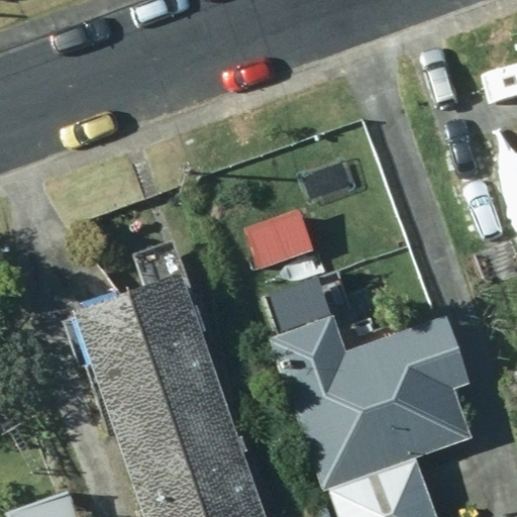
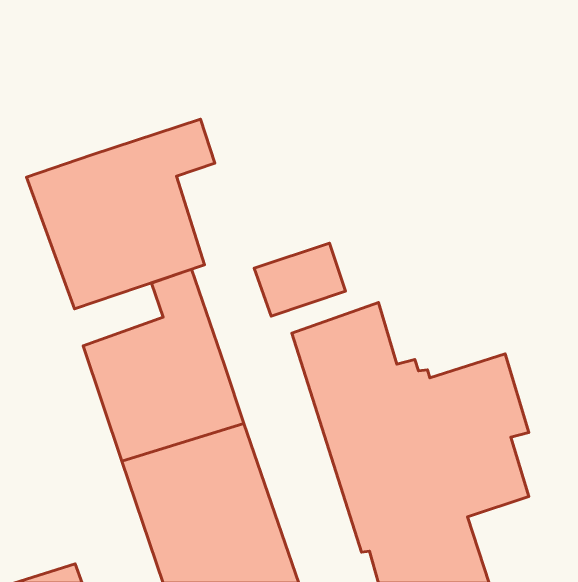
building: none -> [26,119,215,309]

